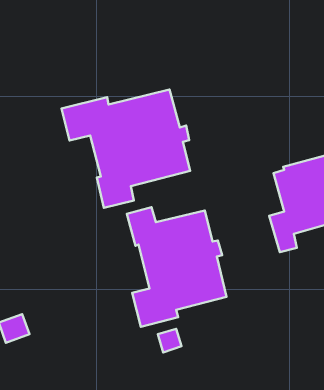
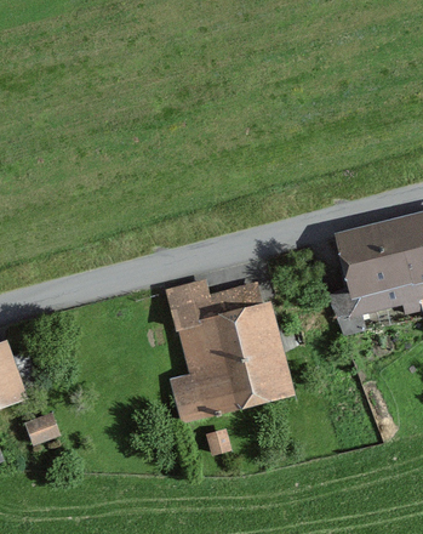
building: [61,89,190,208] -> none

